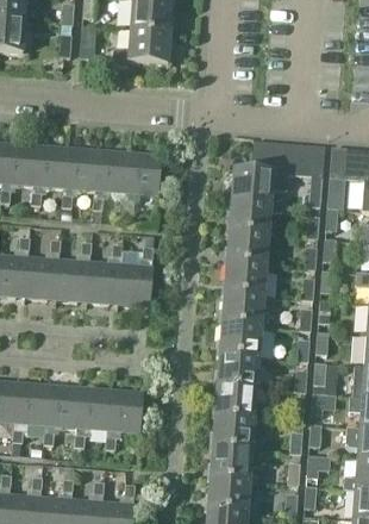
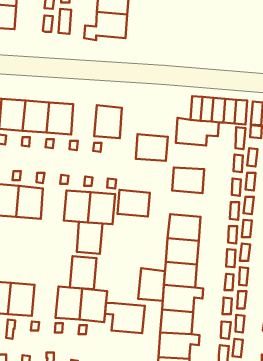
building: [95,150,129,192] -> none
building: [229,200,270,235] -> [136,134,168,161]
building: [56,260,89,301] -> [77,222,103,254]
building: [224,262,265,297] -> [118,190,150,217]
building: none -> [138,268,165,301]
building: [44,385,79,428] -> [70,256,96,289]
building: none -> [105,303,145,333]

